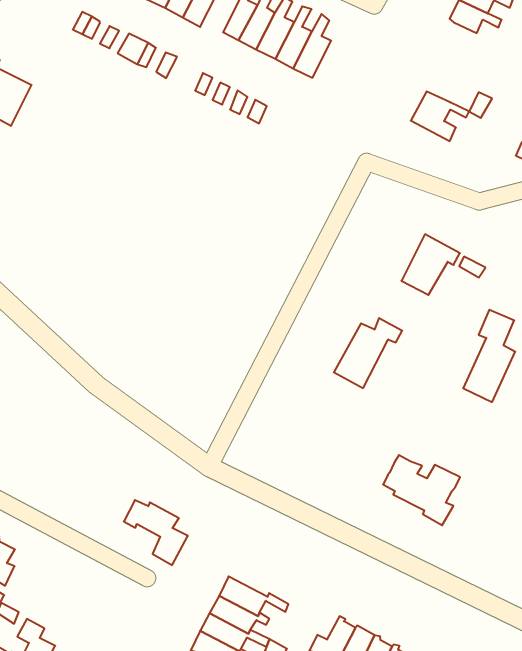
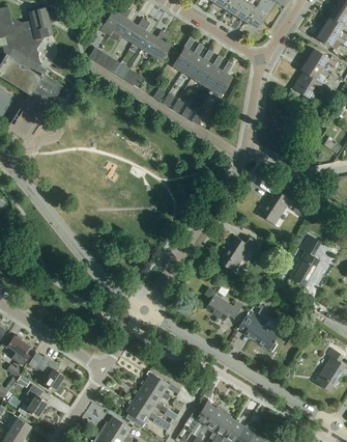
building: [411,91,469,141] -> [292,73,325,102]
building: none -> [204,286,241,323]
building: [124,500,188,565] -> [29,353,64,391]

